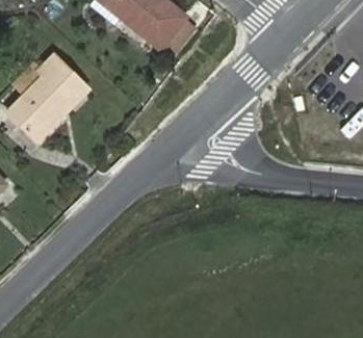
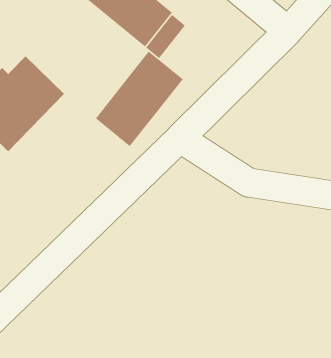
building: none -> [95,51,184,147]

